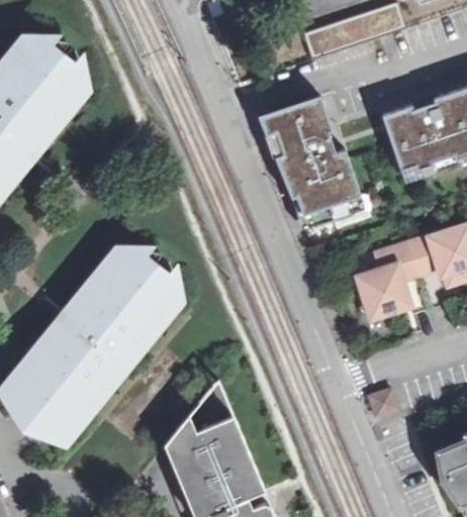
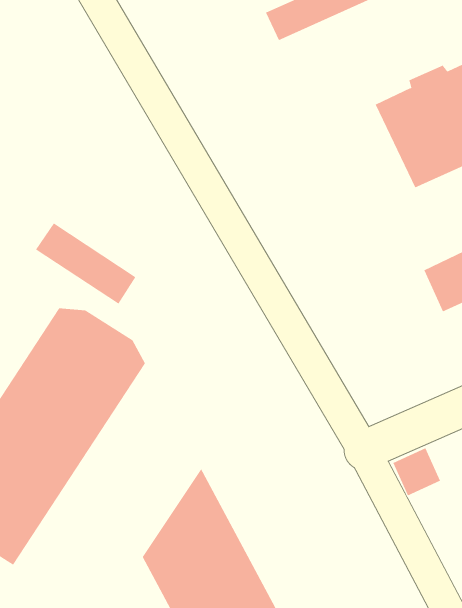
building: [264,92,376,224] -> none
building: none -> [35,222,136,305]
building: [355,246,418,324] -> none

